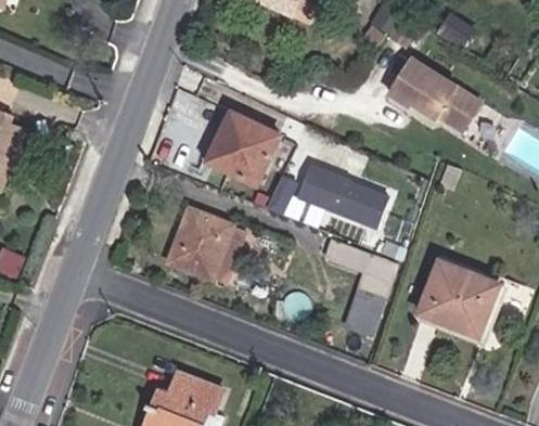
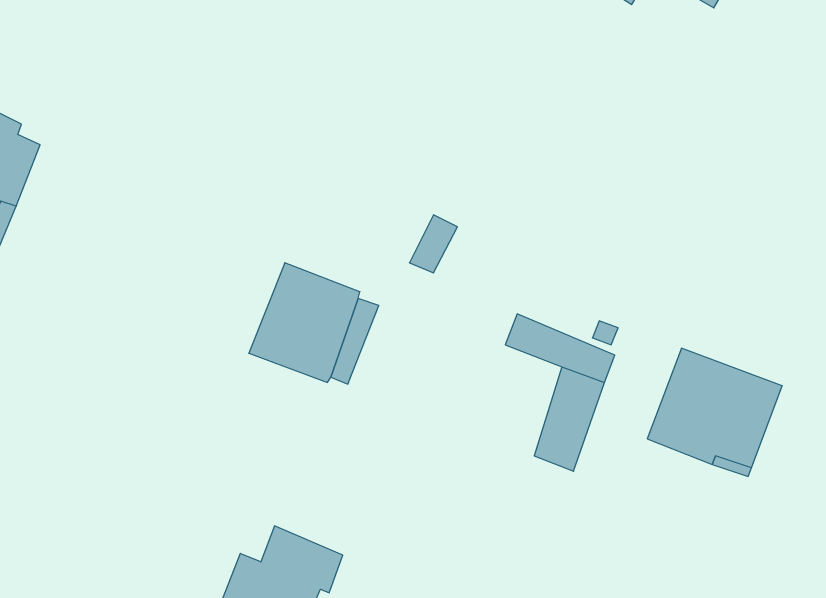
building: [388,55,482,128] -> none
building: [206,113,280,185] -> none
building: [297,164,388,228] -> none

